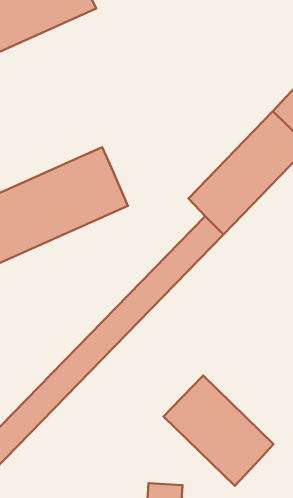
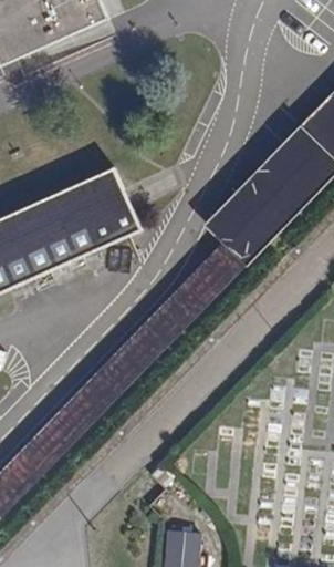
building: [163,376,273,486] -> none

